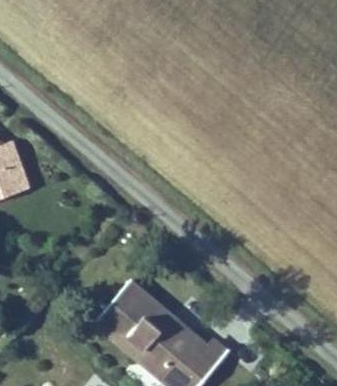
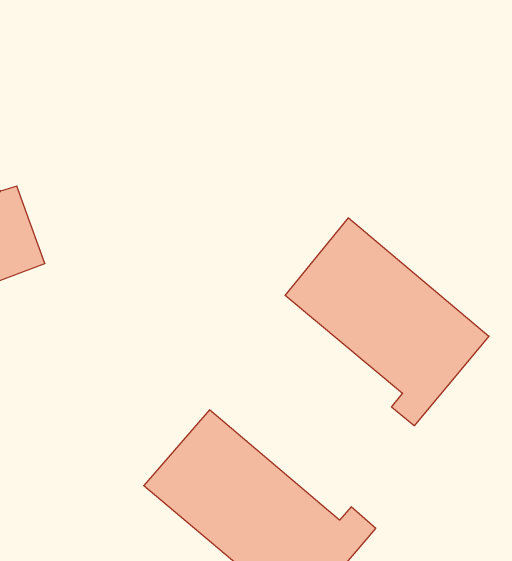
building: none -> [285,218,489,426]

